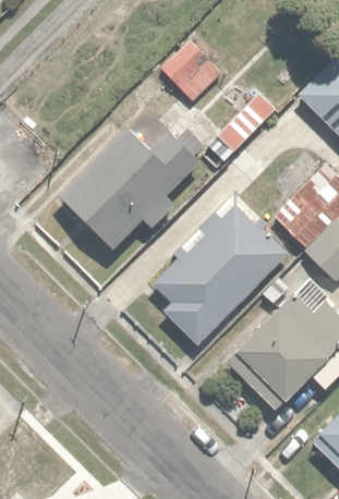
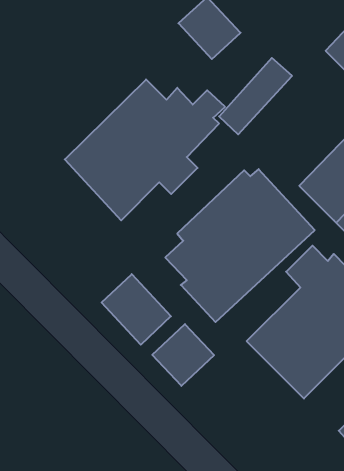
building: none -> [102,274,171,345]
building: none -> [152,324,214,386]

